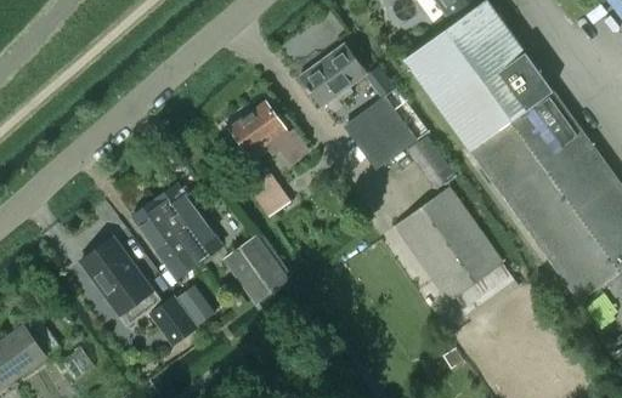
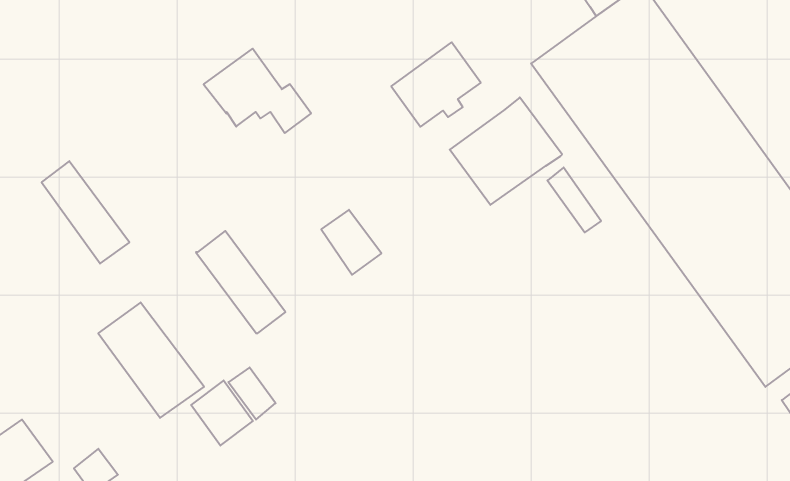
building: [228,102,309,165] -> [204,49,311,133]
building: [392,186,513,314] -> none
building: [132,200,198,277] -> [42,161,129,264]
building: [221,231,290,302] -> none

